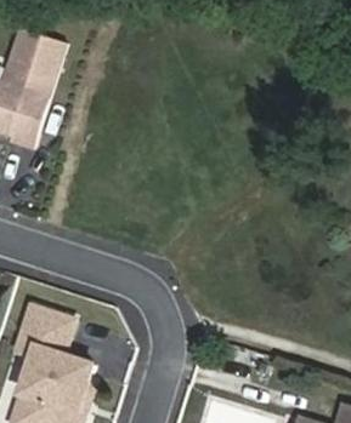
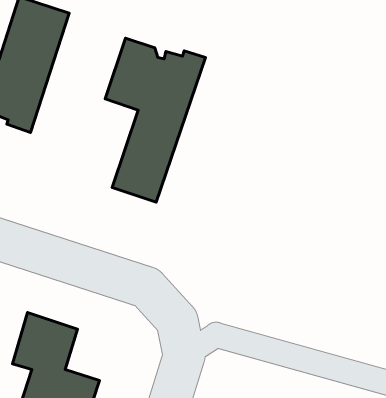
building: none -> [105,38,205,202]

